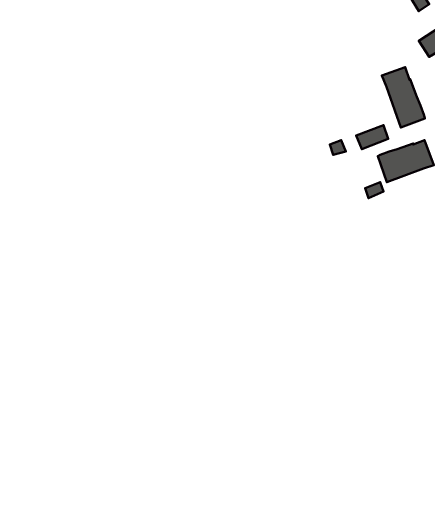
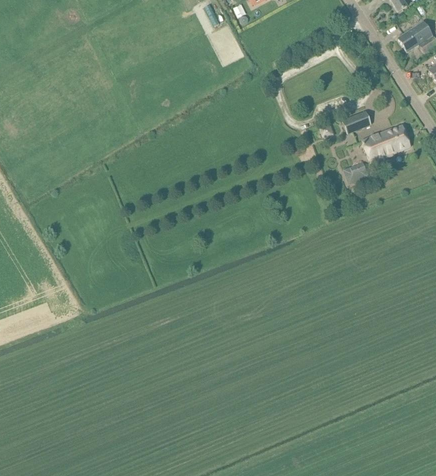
building: [382,67,425,128] -> none

